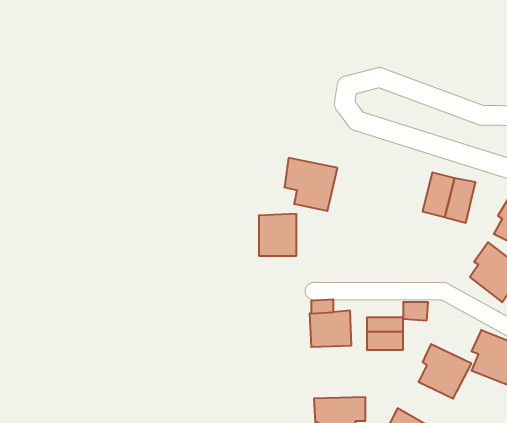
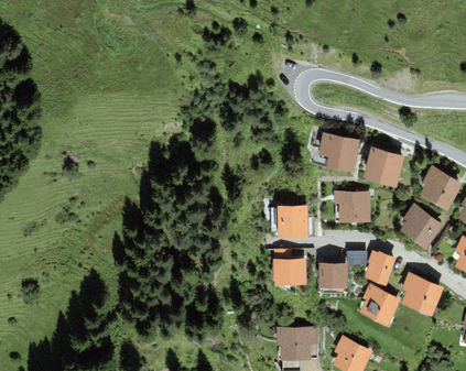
building: [284,158,337,211] -> [318,131,360,173]
building: [259,214,296,256] -> [278,205,307,238]
building: none -> [334,190,370,222]
building: none -> [364,250,397,286]

